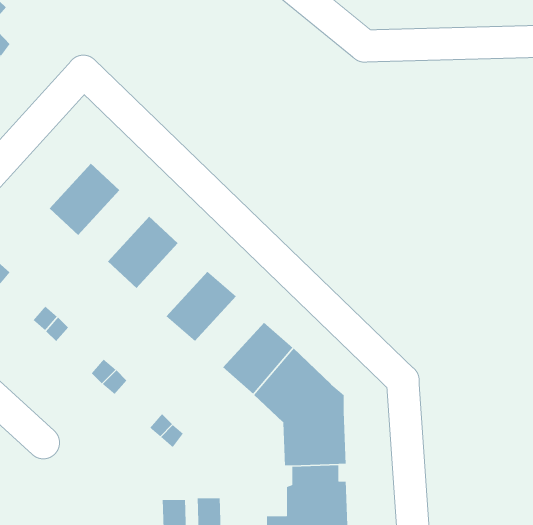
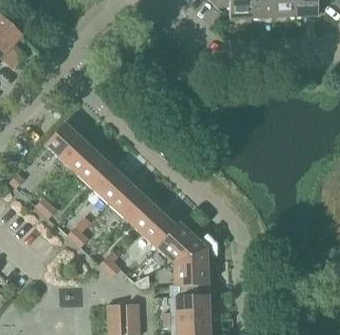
building: none -> [61,135,100,174]
building: none -> [93,164,132,204]
building: none -> [125,193,163,232]

